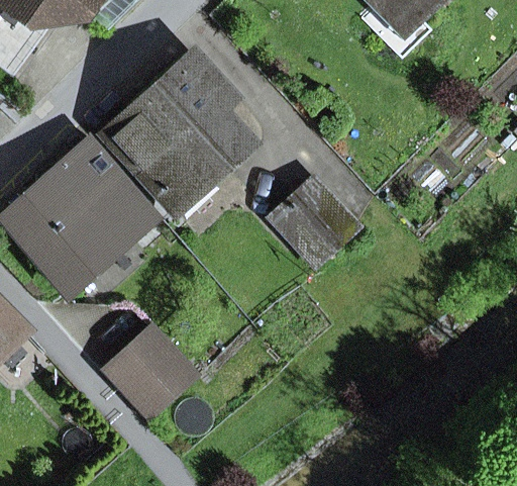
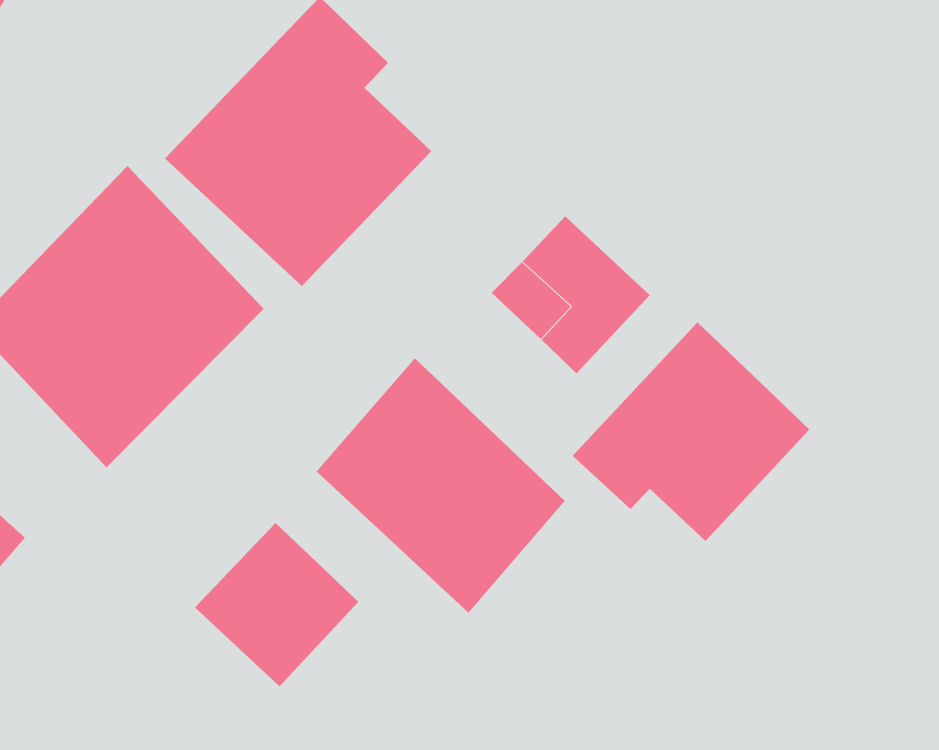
building: none -> [572,322,810,542]
building: none -> [316,358,566,613]

